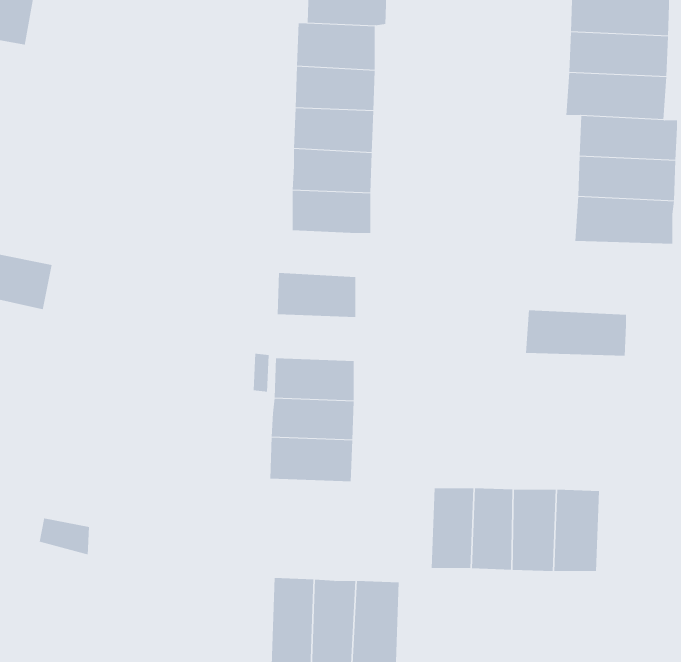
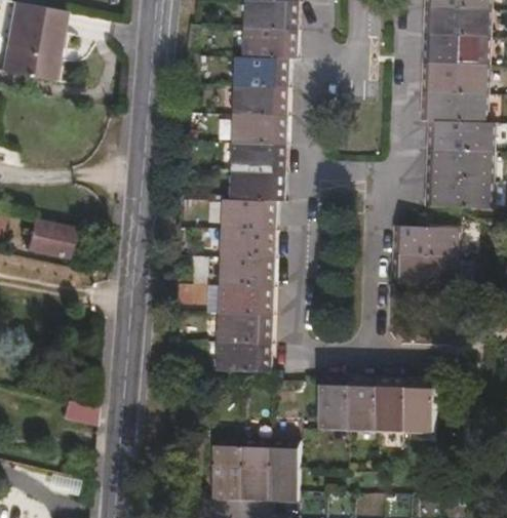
building: none -> [222,199,276,232]
building: none -> [393,226,462,257]
building: none -> [220,257,275,289]

